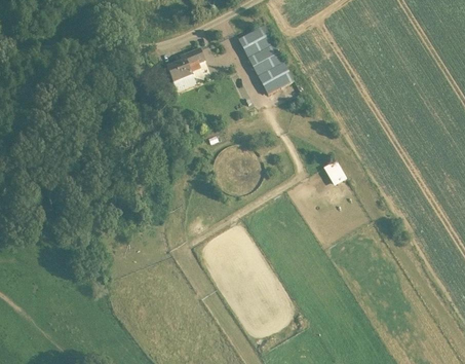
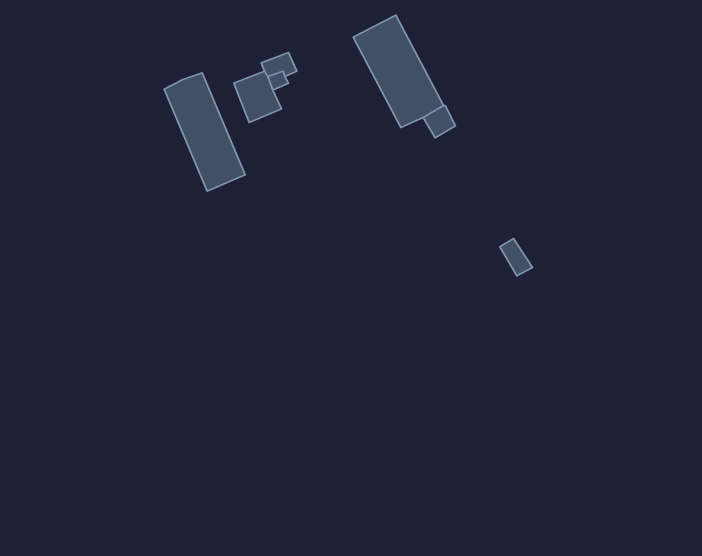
building: none -> [164,73,245,191]

